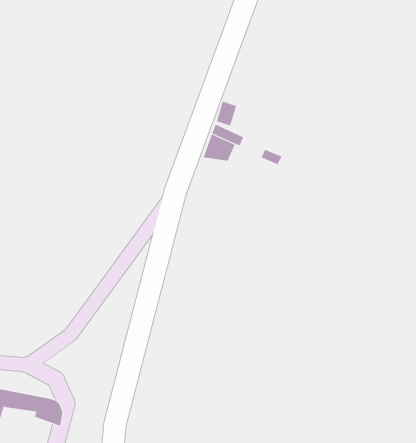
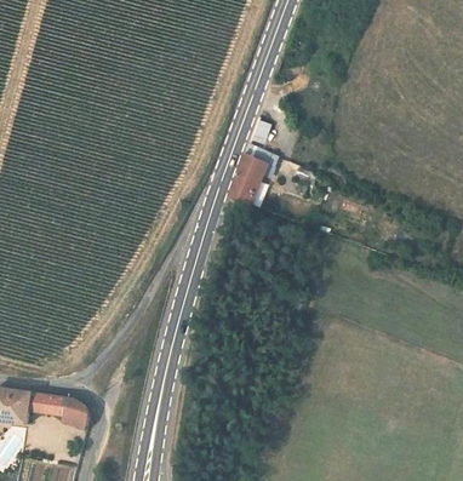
building: none -> [230,176,265,206]

